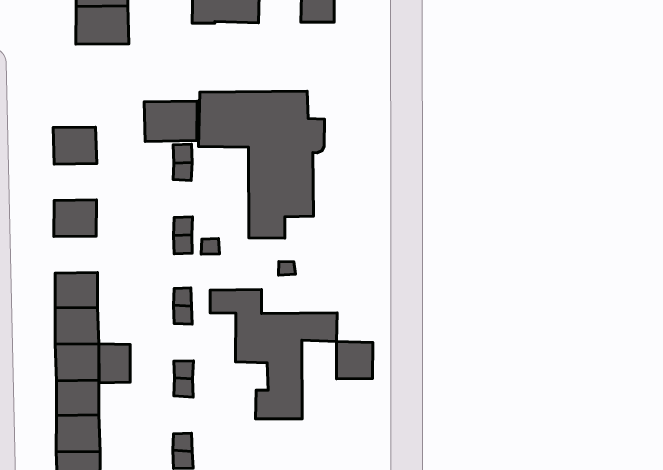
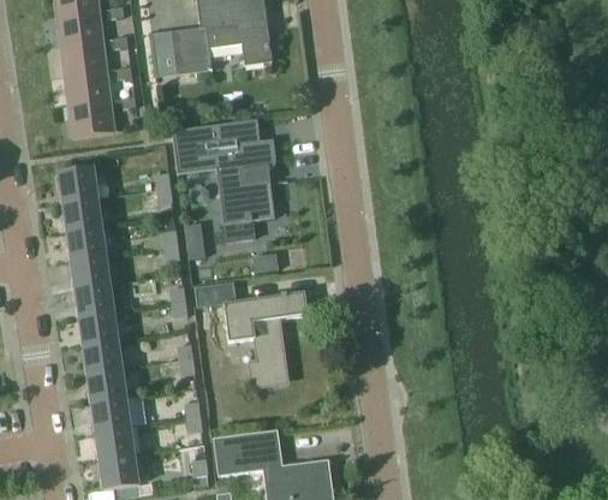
building: [144,101,197,141] -> [68,100,114,137]
building: none -> [64,198,101,232]
building: none -> [71,256,109,290]
building: [336,342,373,379] -> none
building: [99,344,130,383] -> none

